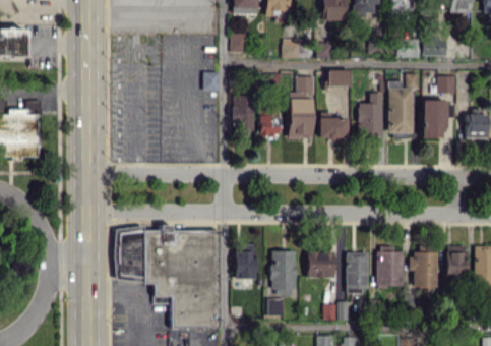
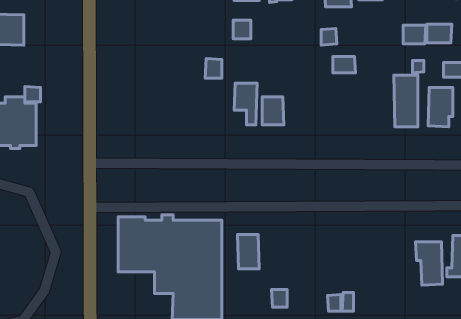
building: [284,39,313,59] -> none
building: [289,75,315,137] -> none
building: [359,93,384,135] -> none
building: [321,117,349,138] -> none
building: [271,249,297,295] -> none
building: [308,250,334,278] -> none
building: [377,250,405,286] -> none
building: [347,252,369,292] -> none

